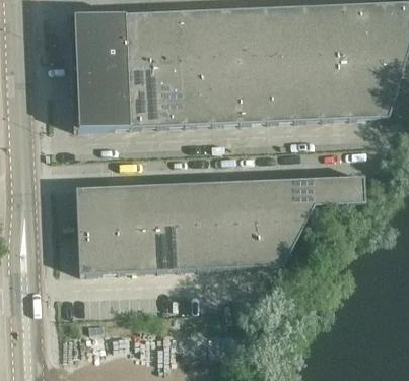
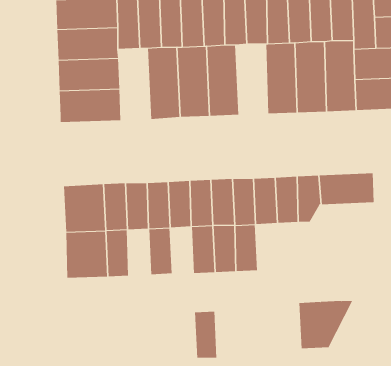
building: [236,56,266,122] -> none
building: [127,60,157,127] -> none
building: [255,221,305,266] -> [299,301,353,349]
building: [176,226,197,269] -> [194,311,217,358]
building: [136,228,157,271] -> none

